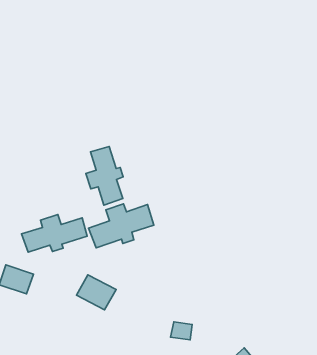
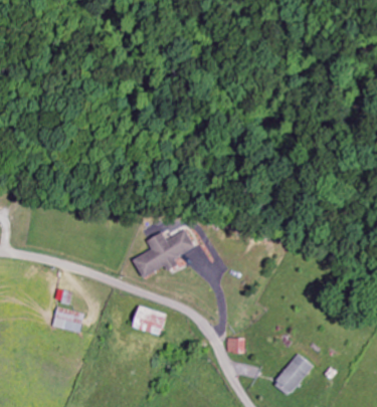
building: [86,146,123,205] -> none
building: [22,215,87,252] -> none

